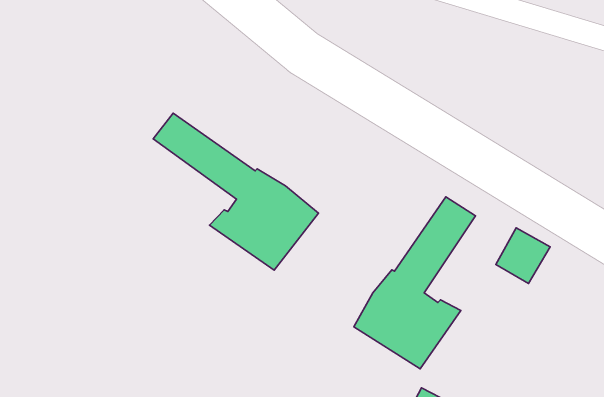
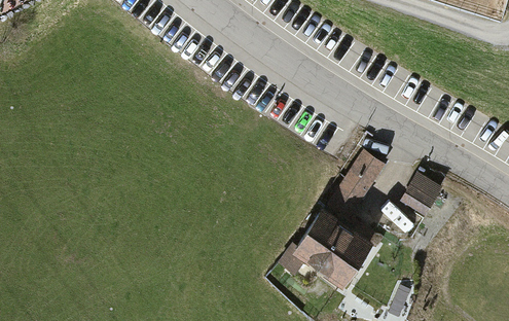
building: [153,113,319,270] -> none

